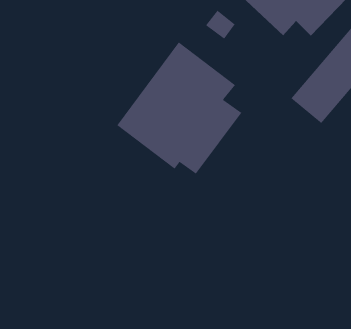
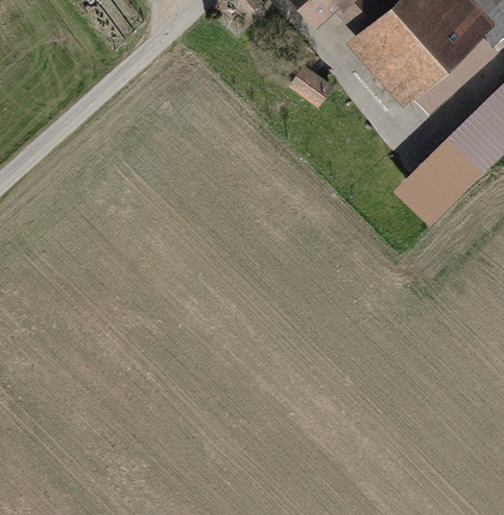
building: [117,42,242,175] -> none

